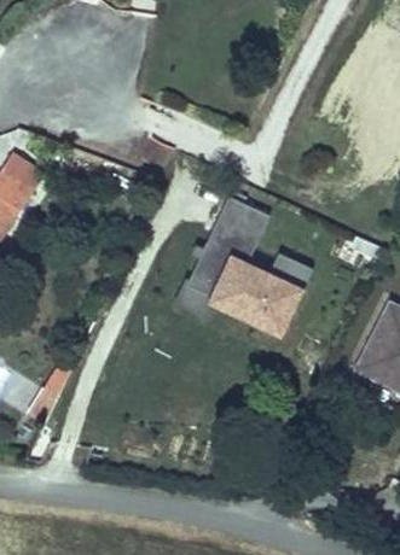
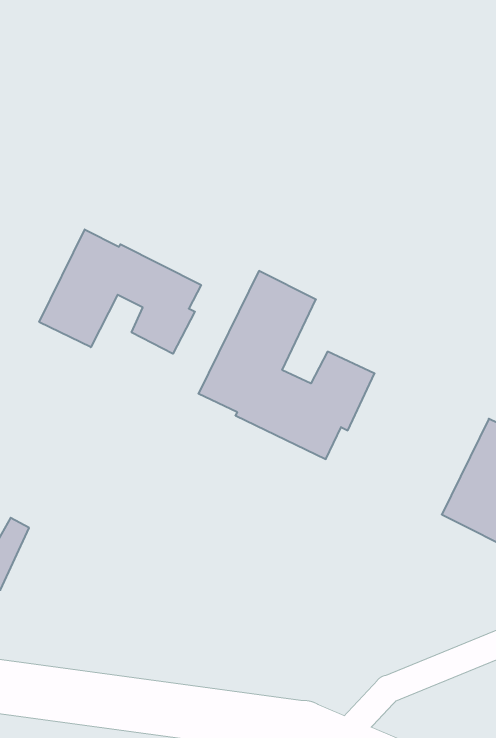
building: none -> [39,229,201,354]

